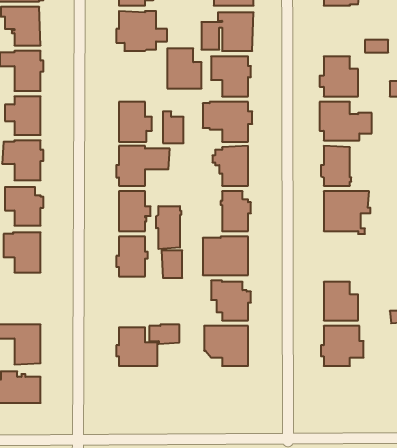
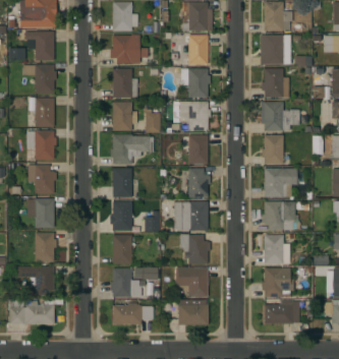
building: none -> [260,35,290,66]
building: [167,48,202,88] -> [112,68,137,98]
building: [156,206,181,249] -> none
building: none -> [261,201,295,230]
building: none -> [35,233,56,261]
building: none -> [112,235,132,263]
building: none -> [178,299,208,324]
building: none -> [264,300,298,323]
building: none -> [112,303,153,324]

